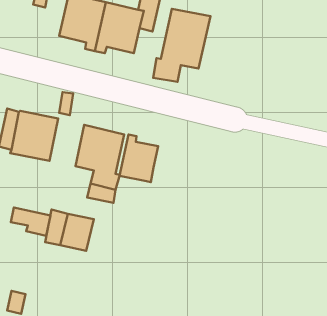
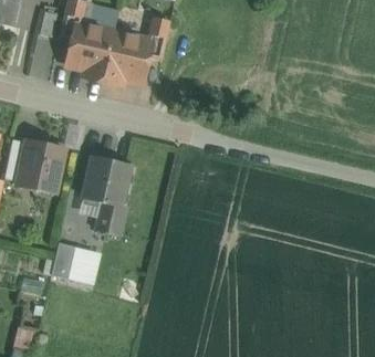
building: [153,9,210,82] -> none
building: [120,134,158,182] -> none
building: [11,208,50,236] -> none

